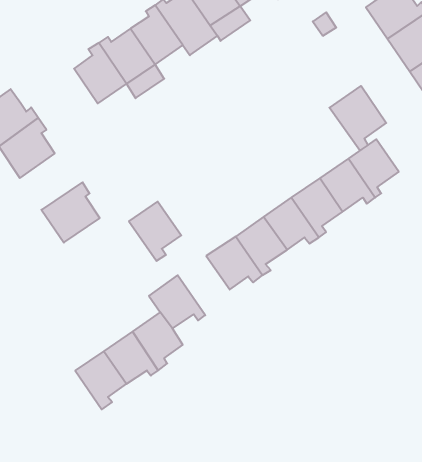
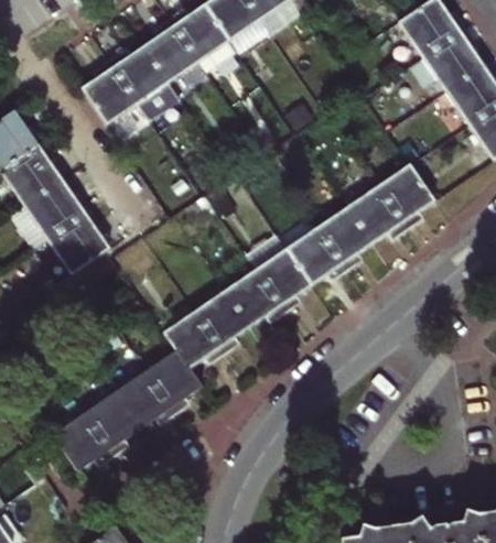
building: [329,86,386,150] -> none
building: none -> [24,180,91,240]
building: [129,202,181,261] -> [194,290,250,354]
building: none -> [53,413,112,470]

